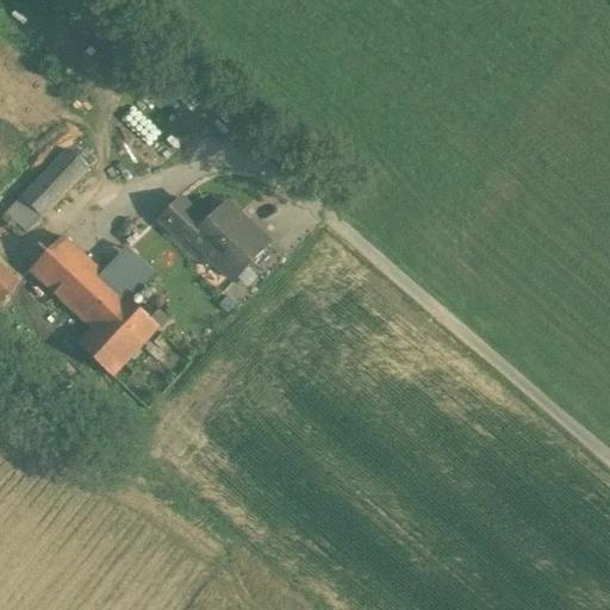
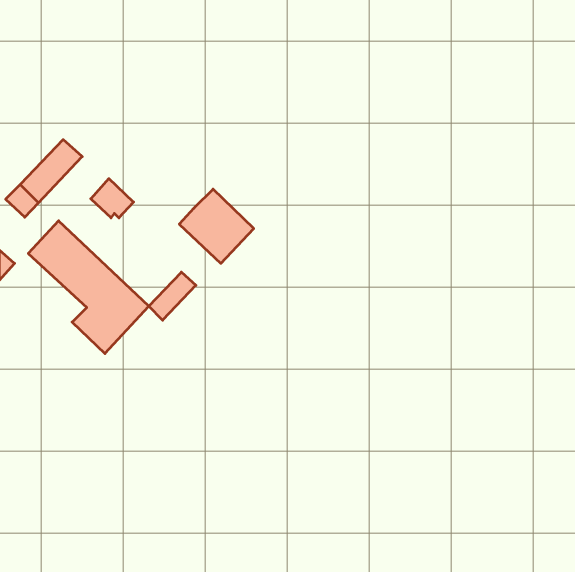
building: [160,195,205,237] -> [91,179,134,218]
building: none -> [149,272,196,320]

